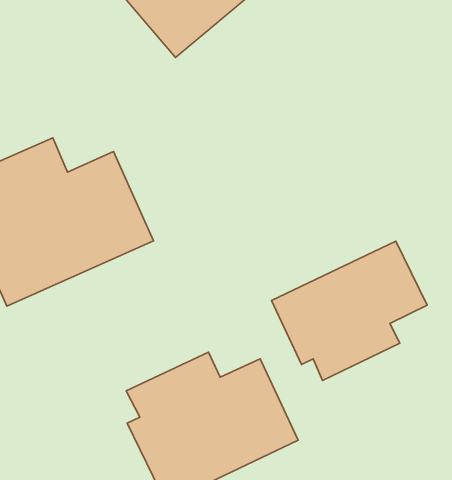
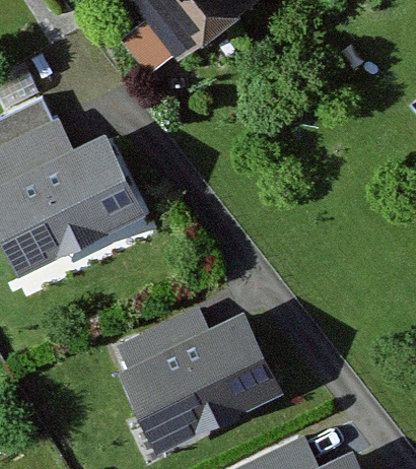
building: [272,241,427,380] -> none

